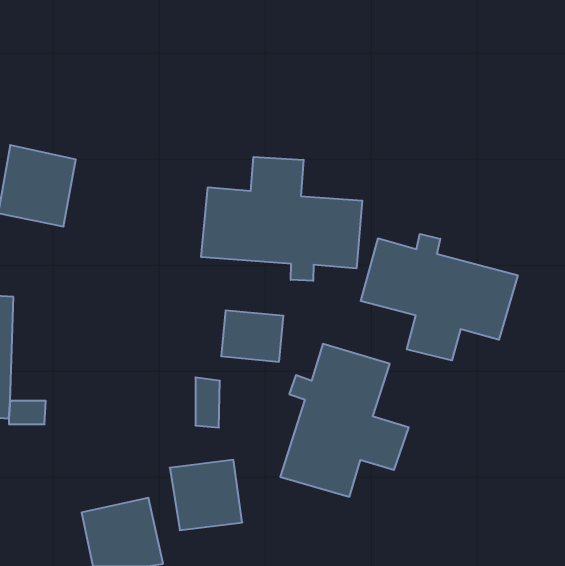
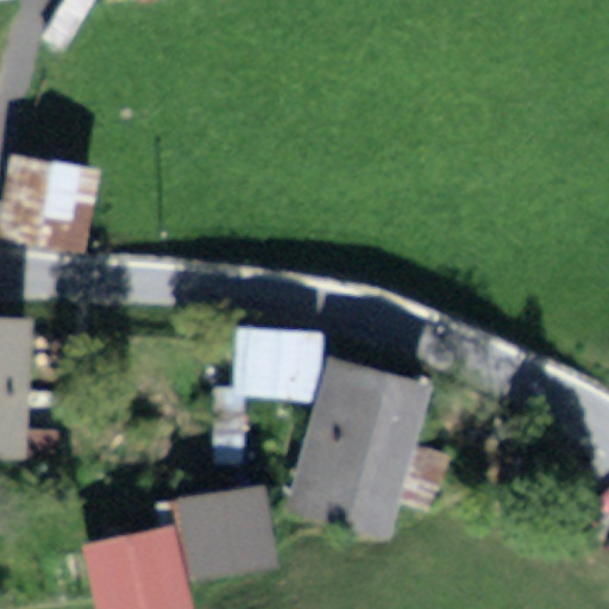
building: [201,157,362,281] -> none
building: [361,234,518,360] -> none

